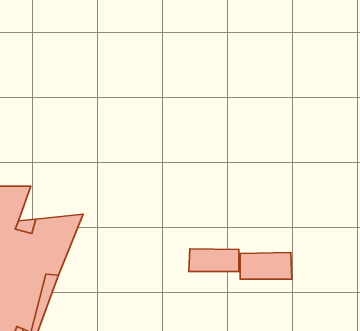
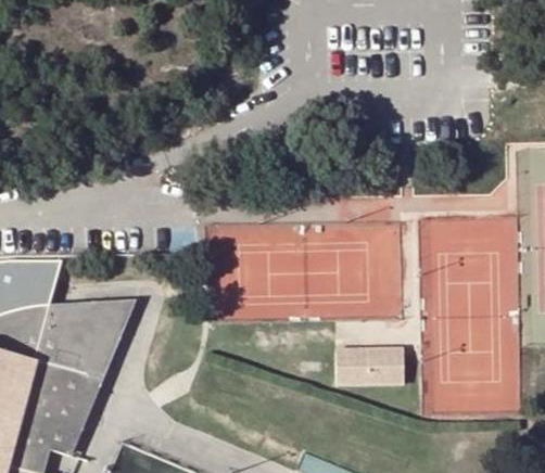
building: [189,249,239,271] -> none

